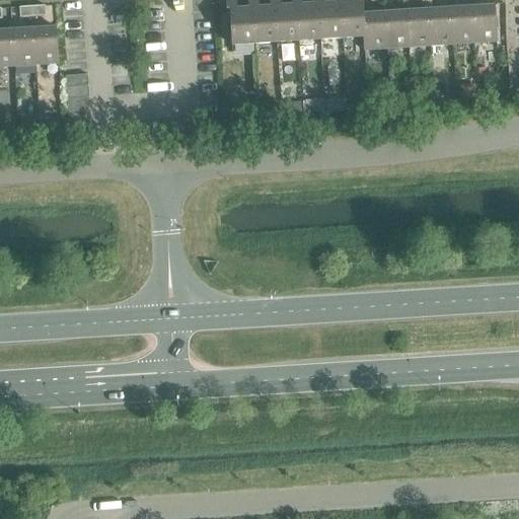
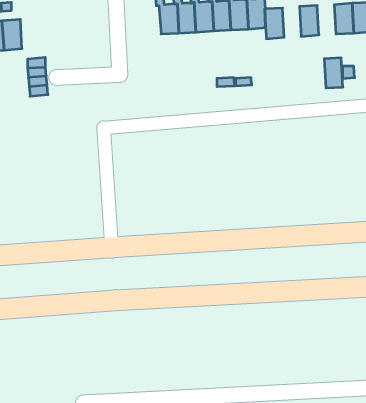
building: [428,6,451,44] -> [324,58,343,88]
building: [384,8,407,47] -> none

